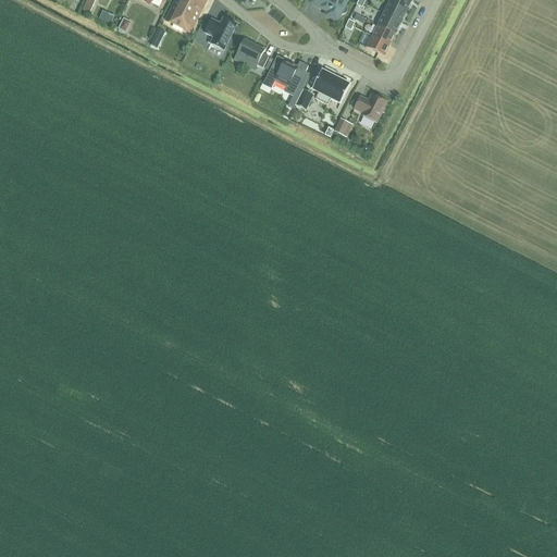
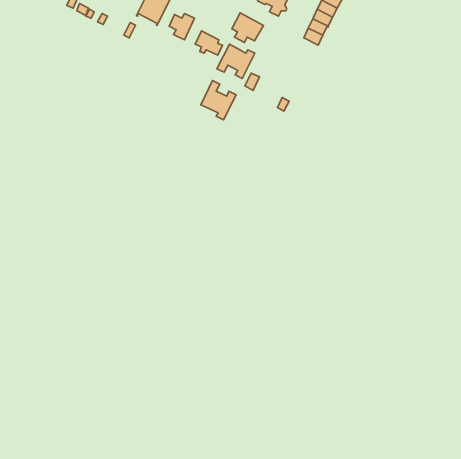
building: [311,67,349,103] -> [232,13,264,43]
building: [352,94,385,121] -> none
building: none -> [201,80,236,120]

